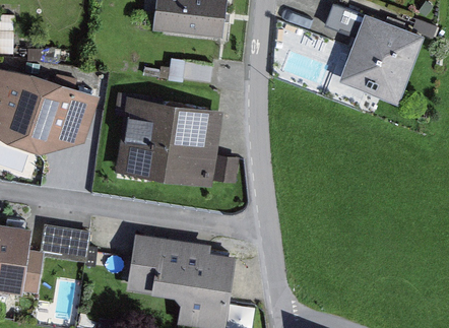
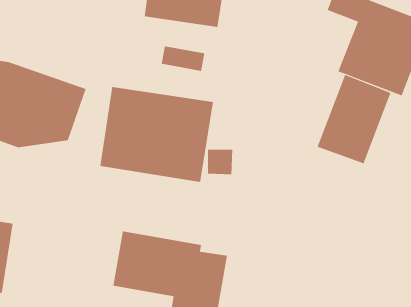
building: none -> [317,74,391,164]
building: [41,223,88,257] -> none

